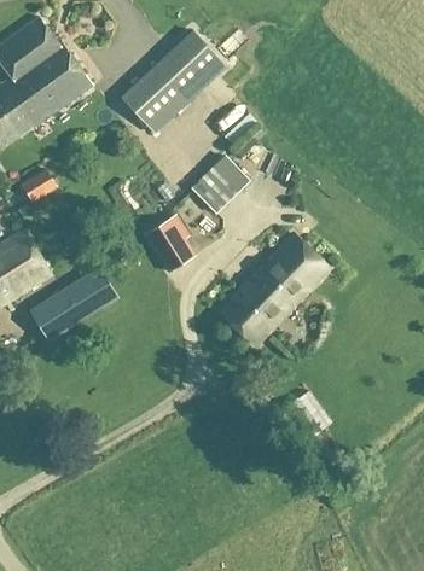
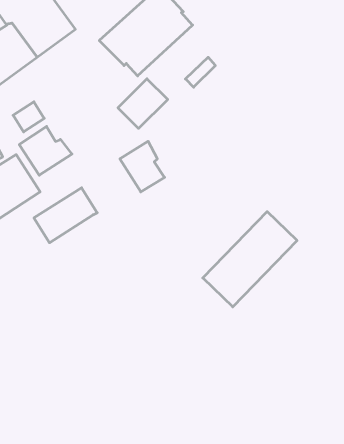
building: [191,155,249,212] -> [118,79,168,128]
building: none -> [19,126,72,175]
building: [219,234,329,345] -> [203,212,297,307]

